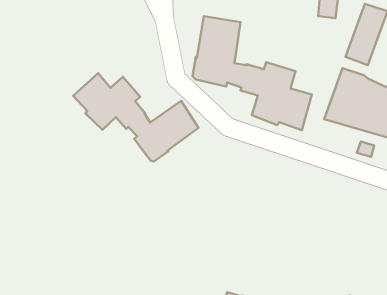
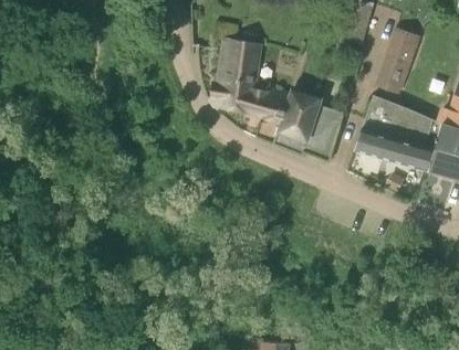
building: [73,73,199,162] -> none

